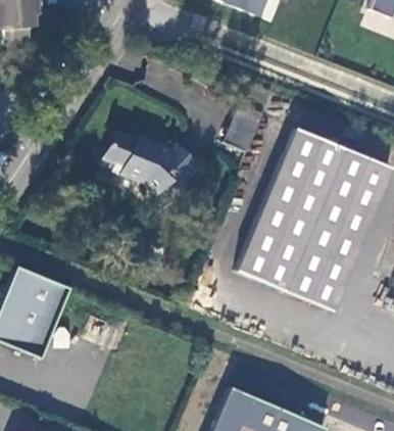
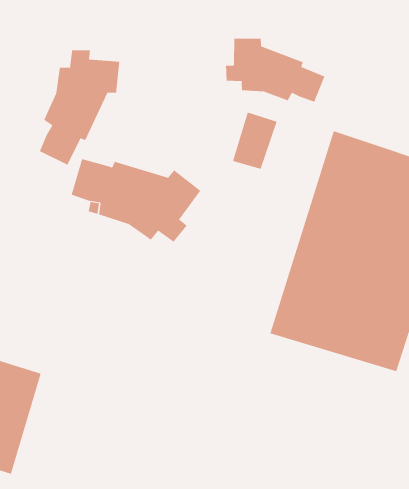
building: none -> [39,50,120,166]
building: none -> [225,38,325,102]

